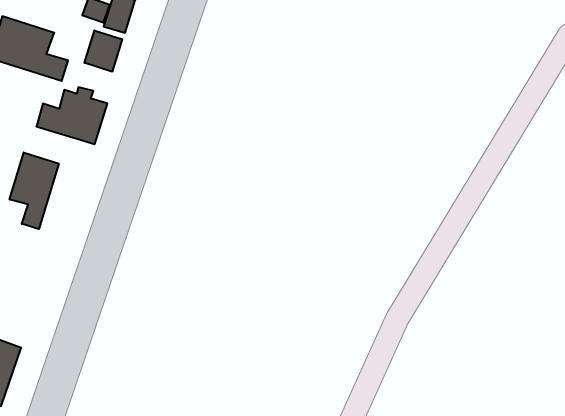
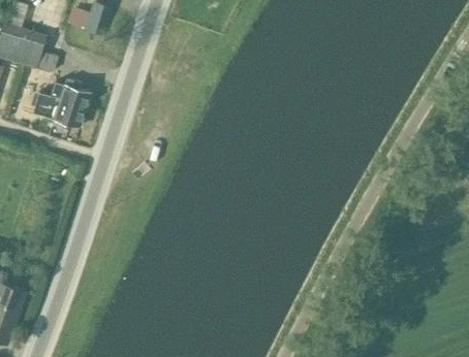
building: [84,30,122,72] -> none
building: [10,152,59,229] -> none

